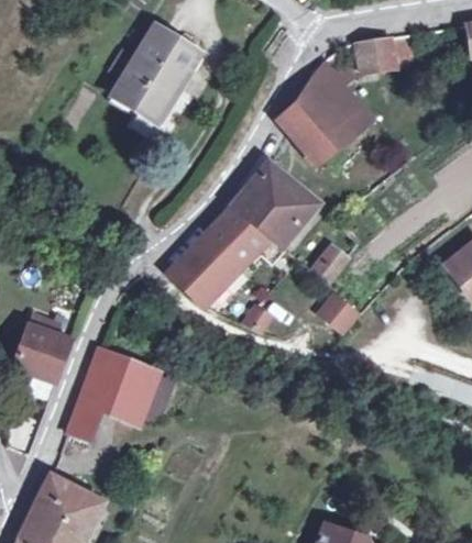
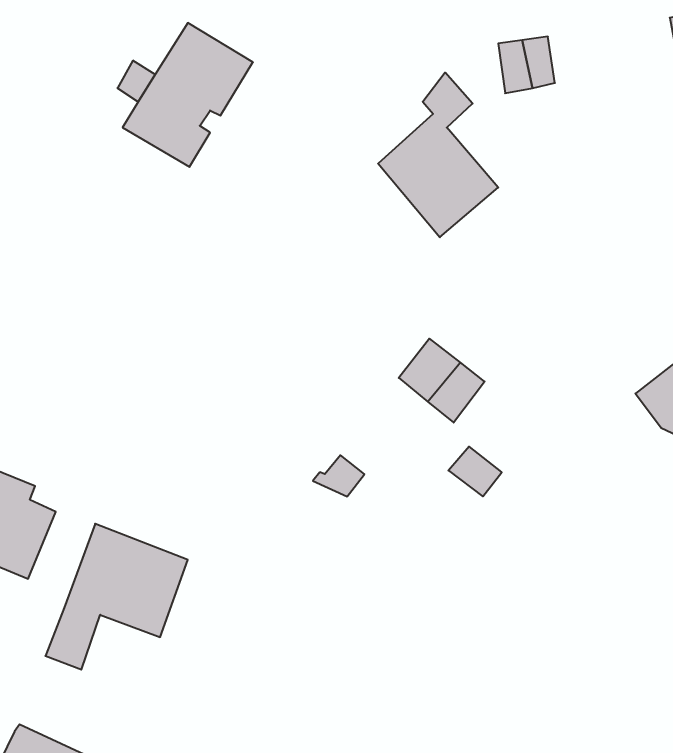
building: [322,51,373,134] -> none
building: [172,165,318,304] -> none

